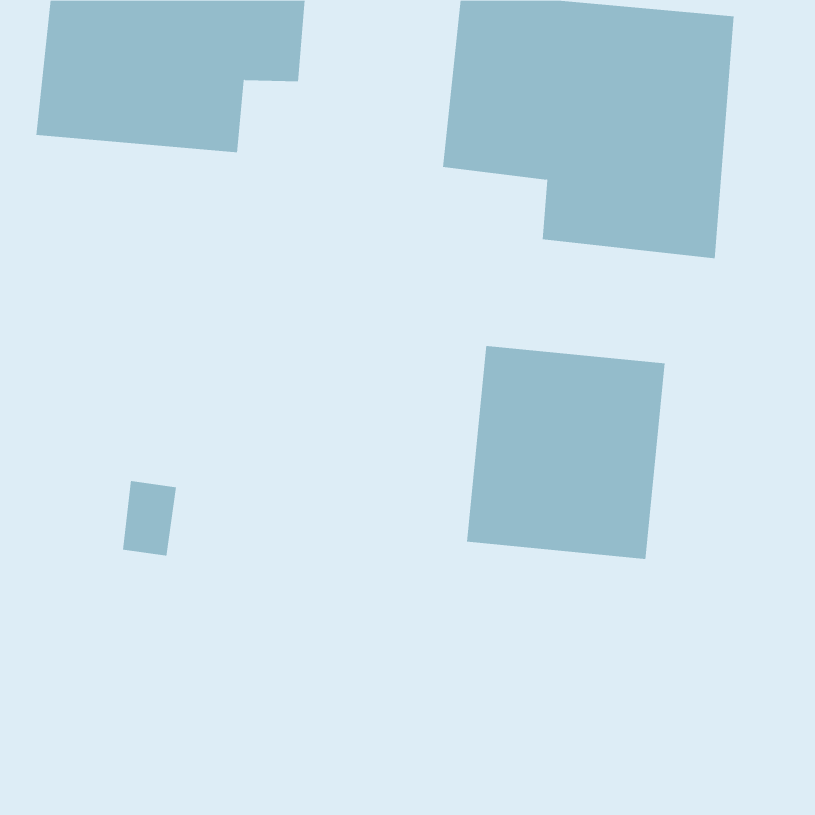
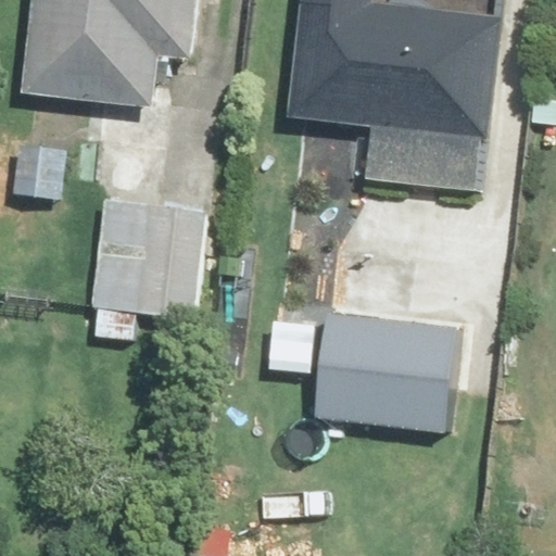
building: none -> [81,192,204,317]

